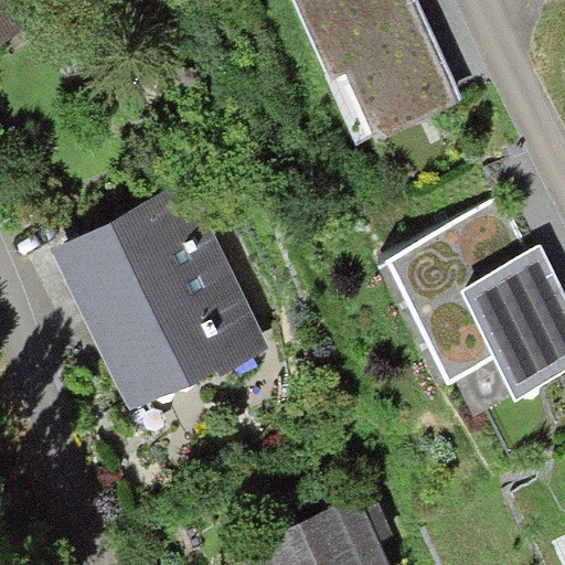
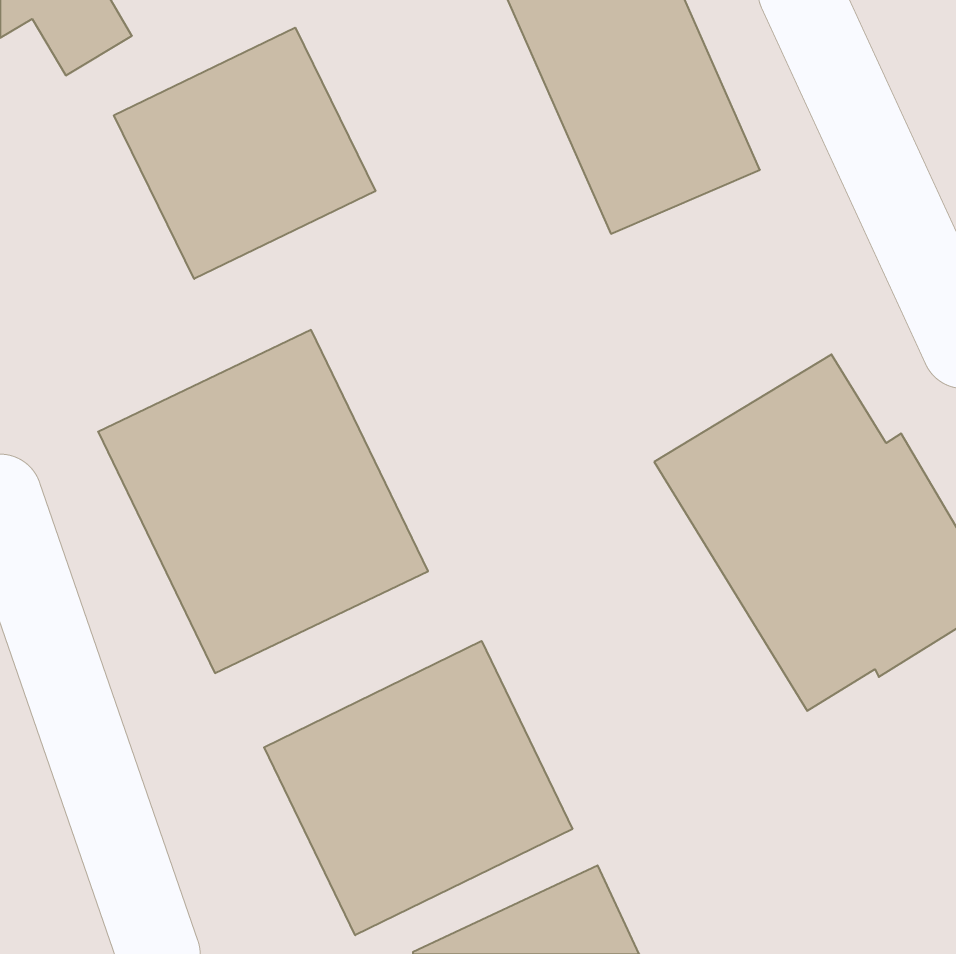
building: none -> [114,28,375,279]
building: none -> [264,641,572,935]

